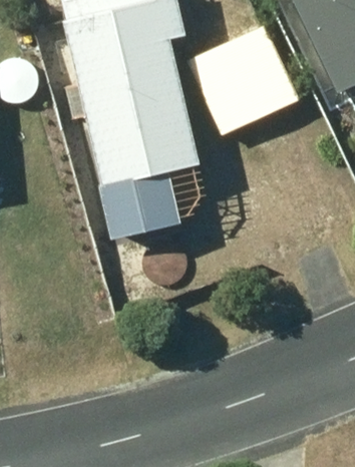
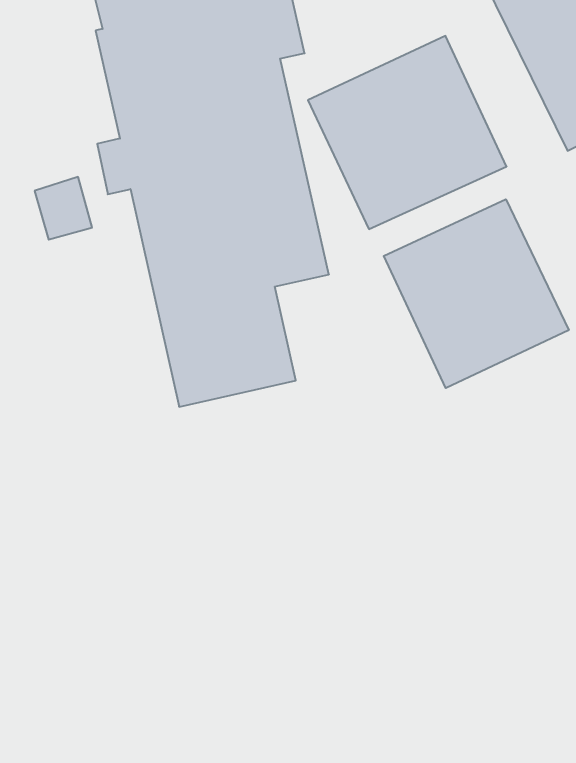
building: none -> [384,199,569,388]

